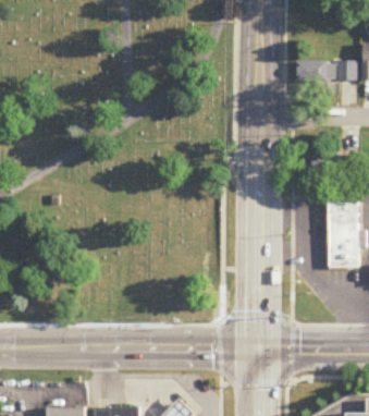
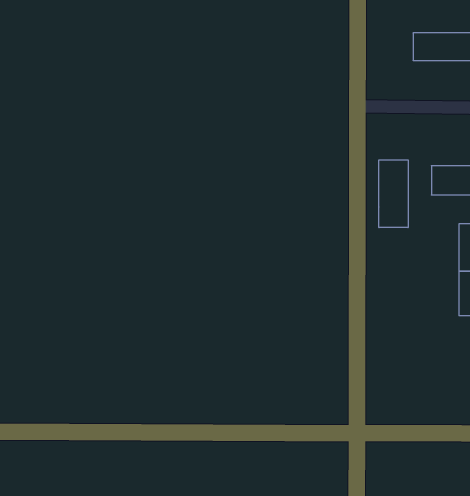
building: none -> [379,160,408,228]

